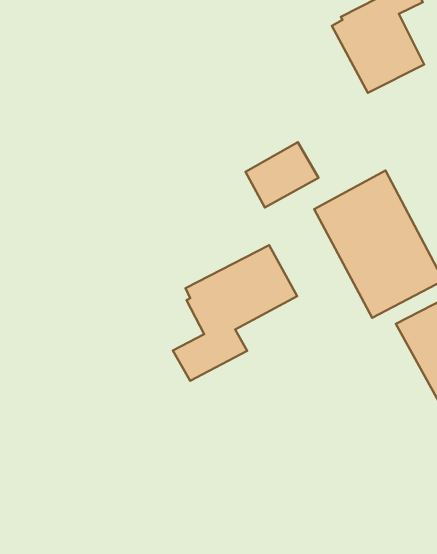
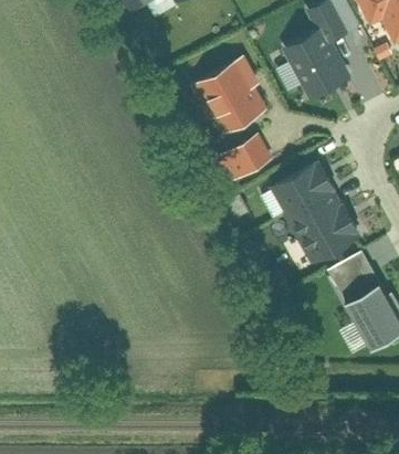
building: none -> [183,57,269,138]
building: [173,245,297,381] -> none

